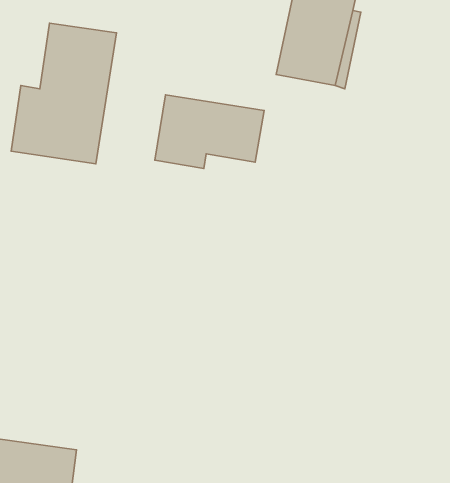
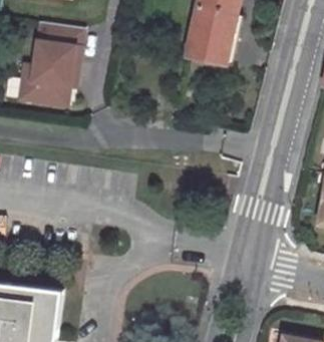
building: [155,95,264,169] -> none

